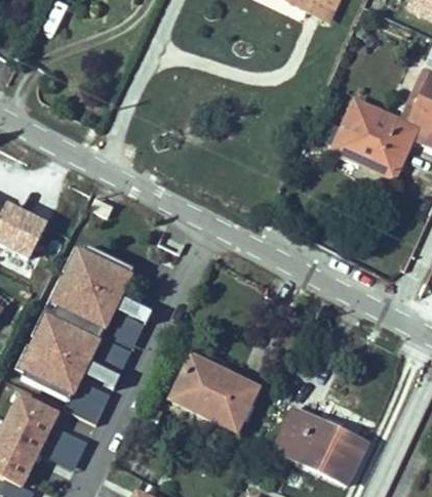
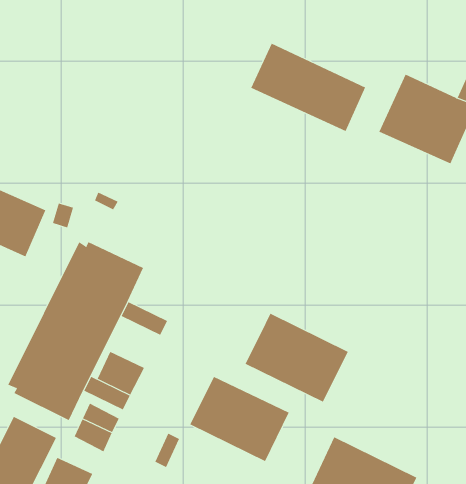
building: none -> [250,43,366,132]
building: none -> [245,313,349,403]
building: [106,309,147,348] -> none

